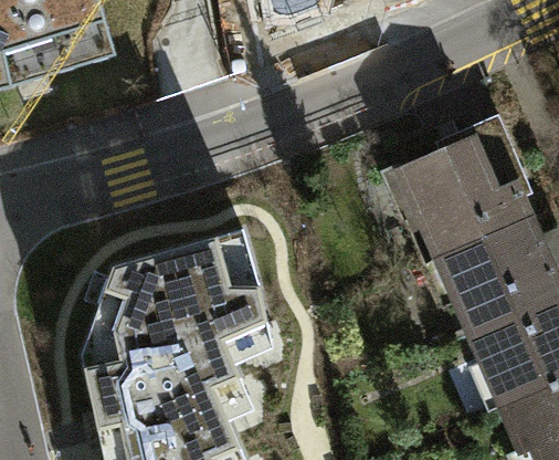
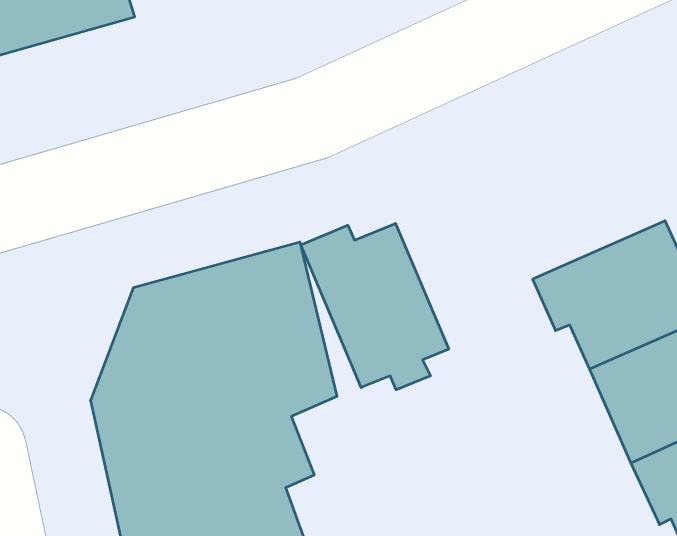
building: [397,121,529,260] -> none
building: none -> [301,223,449,390]

